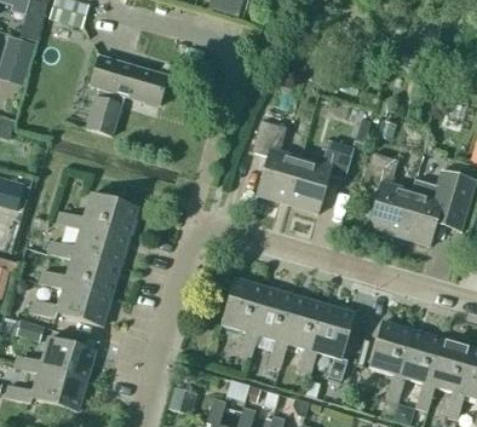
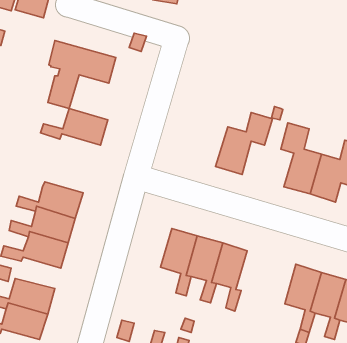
building: [253,120,301,204] -> none
building: [58,192,138,236] -> [41,109,108,145]
building: [311,305,355,385] -> none

